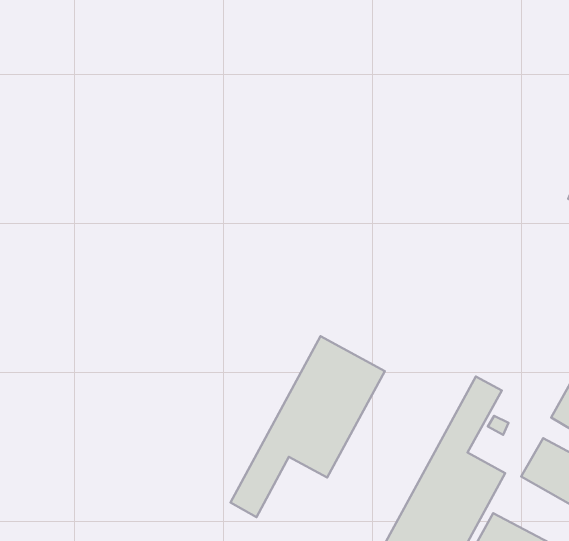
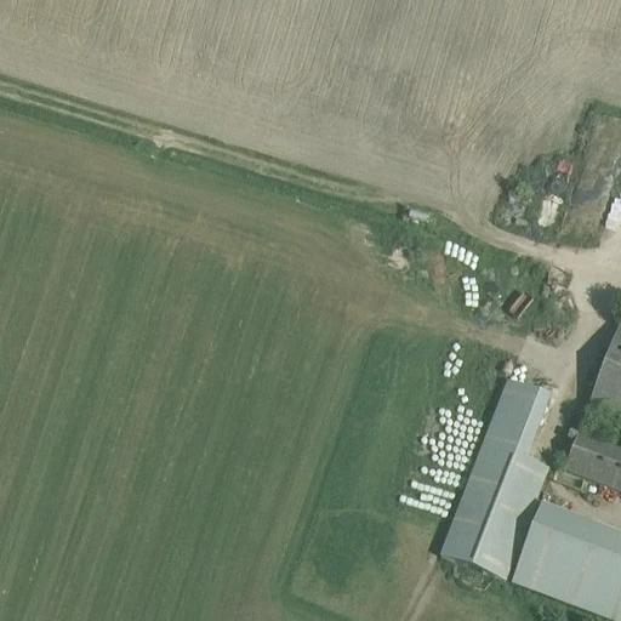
building: [230,336,385,517] -> none

